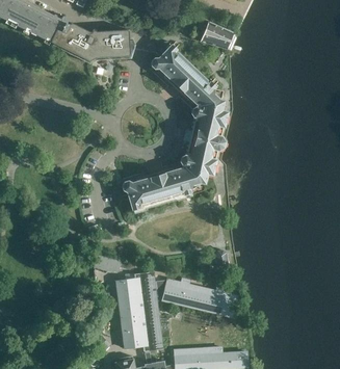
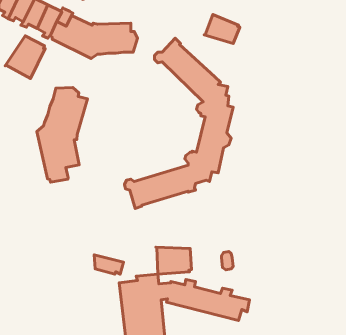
building: none -> [5,36,45,78]
building: none -> [37,88,88,182]
building: none -> [156,247,191,274]

